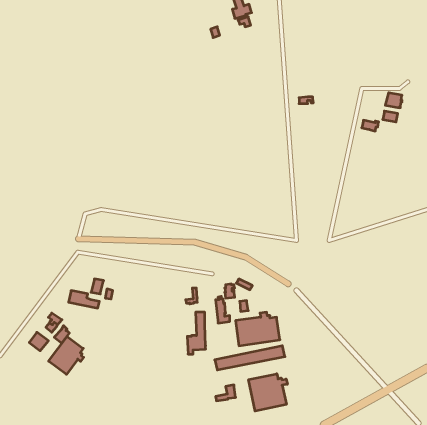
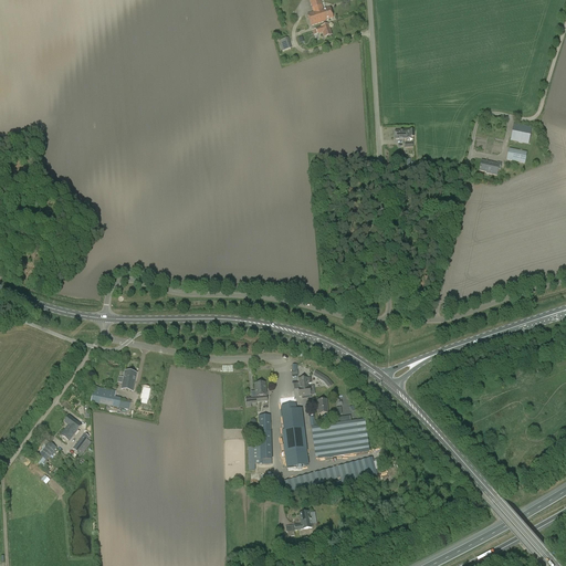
building: none -> [283,426,306,467]
building: [49,336,84,374] -> none
building: [249,374,287,411] -> none

